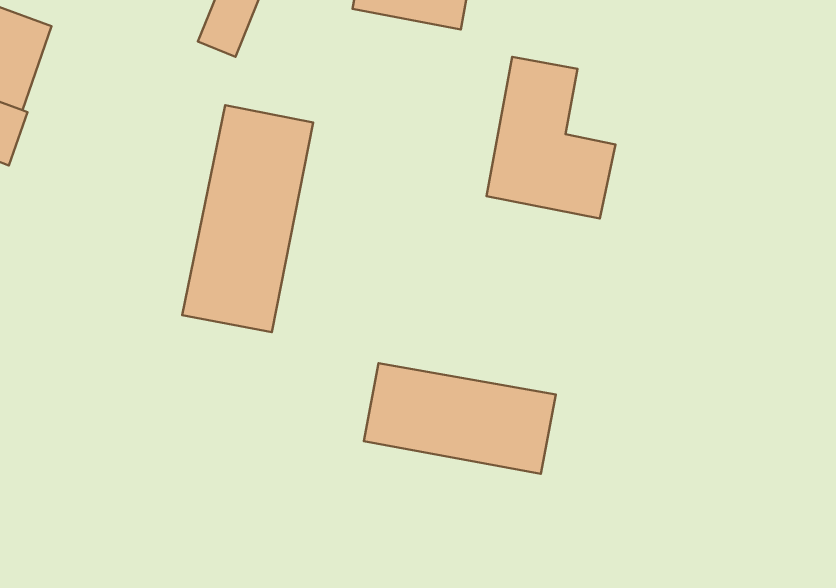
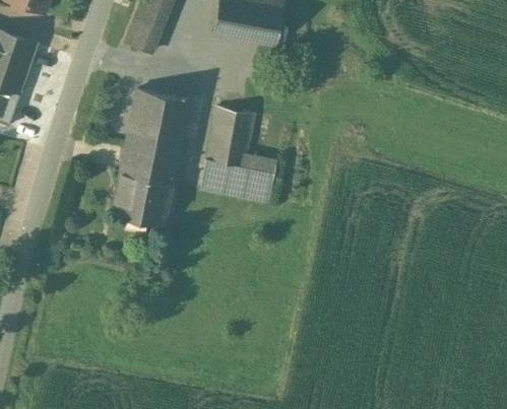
building: [486,57,615,218] -> [200,106,276,201]
building: [364,363,556,474] -> none

